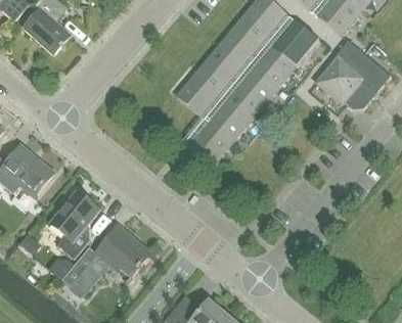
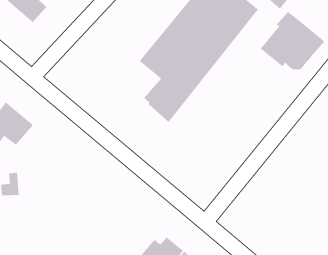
building: [49,189,98,257] -> none
building: [62,224,149,296] -> none

